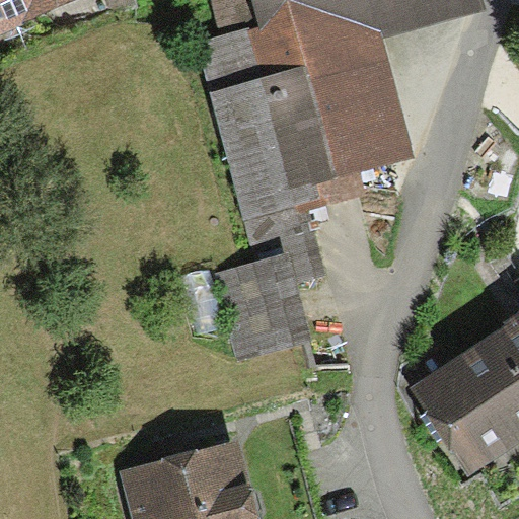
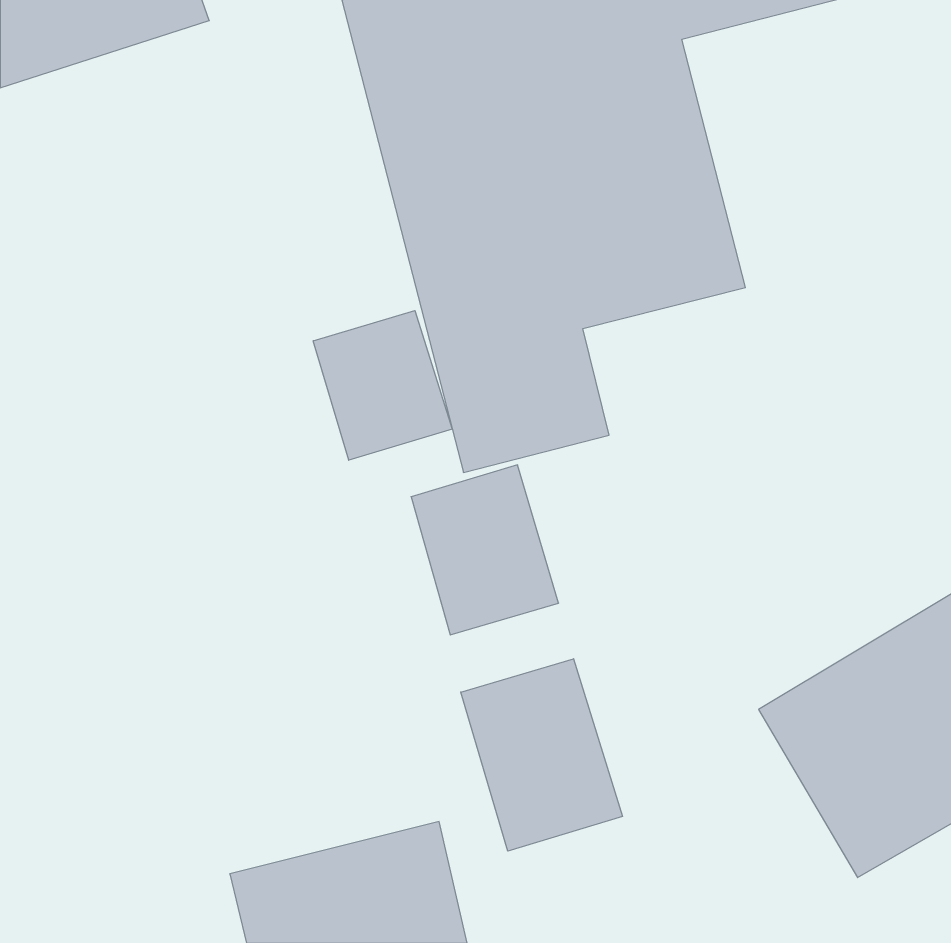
building: none -> [313,311,452,460]
building: none -> [461,659,623,851]

